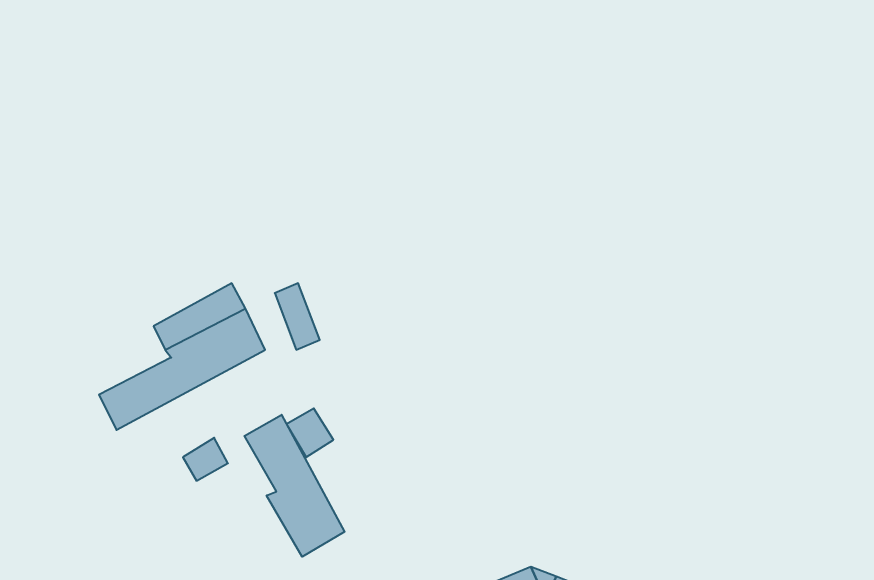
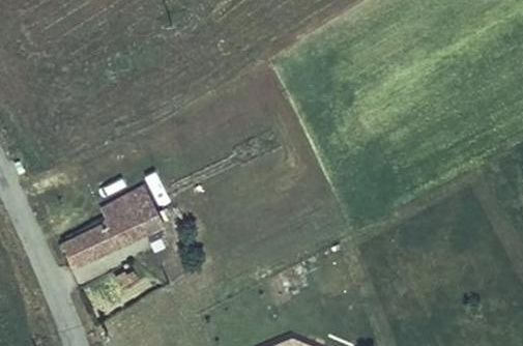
building: [244,415,345,557] -> none

